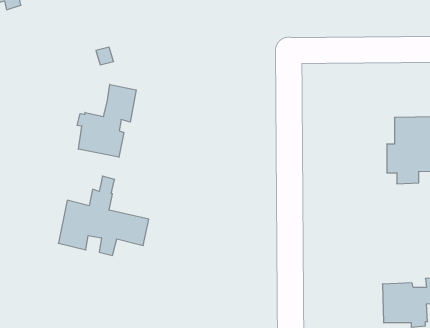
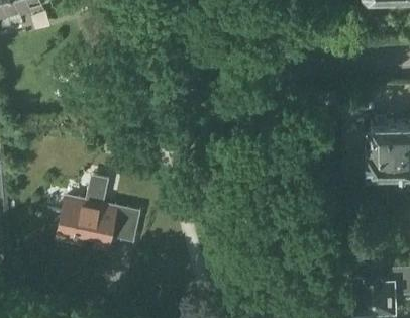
building: [77,84,136,157] -> none

